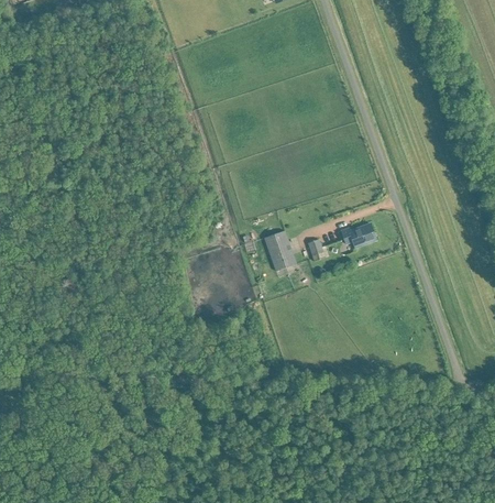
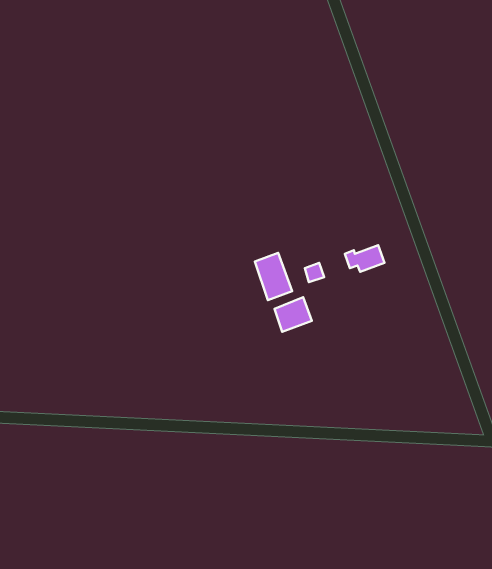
building: none -> [274,297,312,332]

